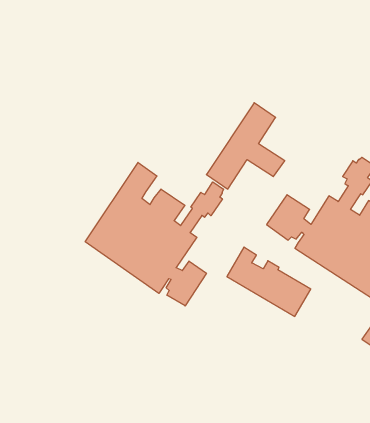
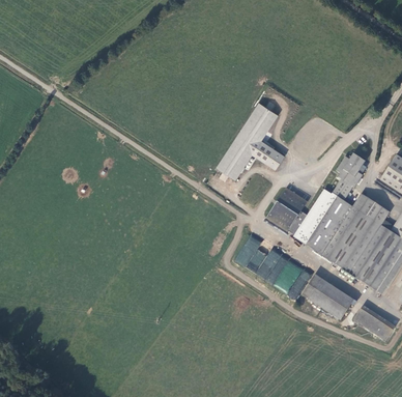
building: [85,162,224,306] -> none
building: none -> [302,275,354,320]

